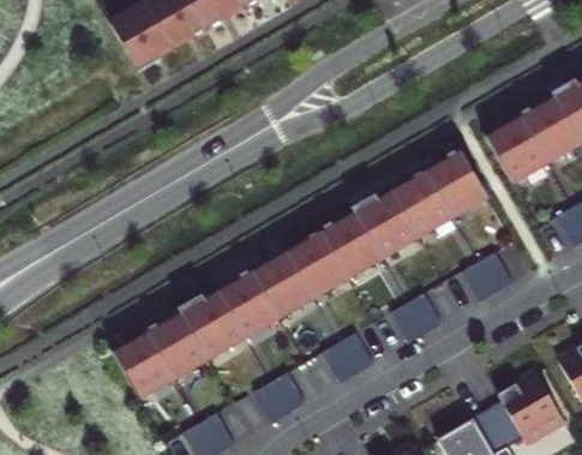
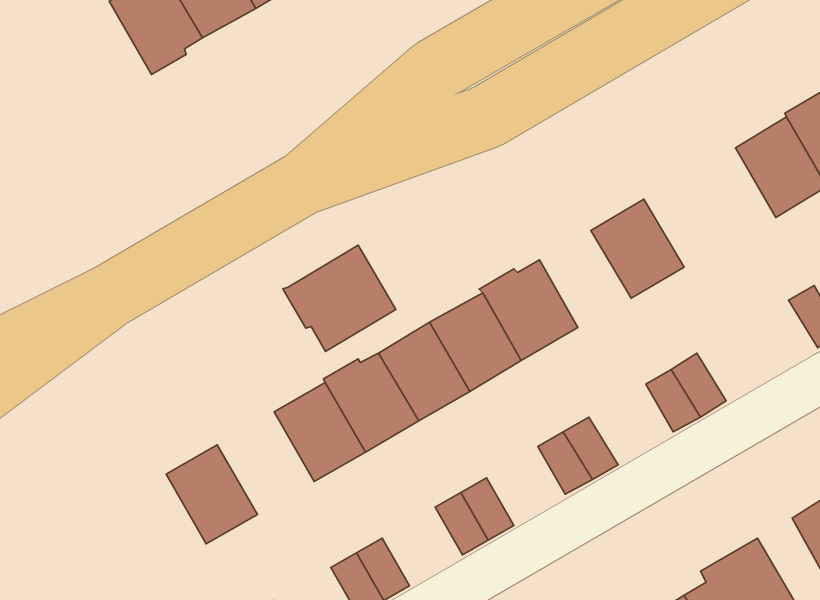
building: [484,118,547,184] -> none
building: [392,172,452,235] -> none
building: none -> [283,245,396,352]
building: [179,291,245,358] -> none
building: [110,331,174,397] -> none

